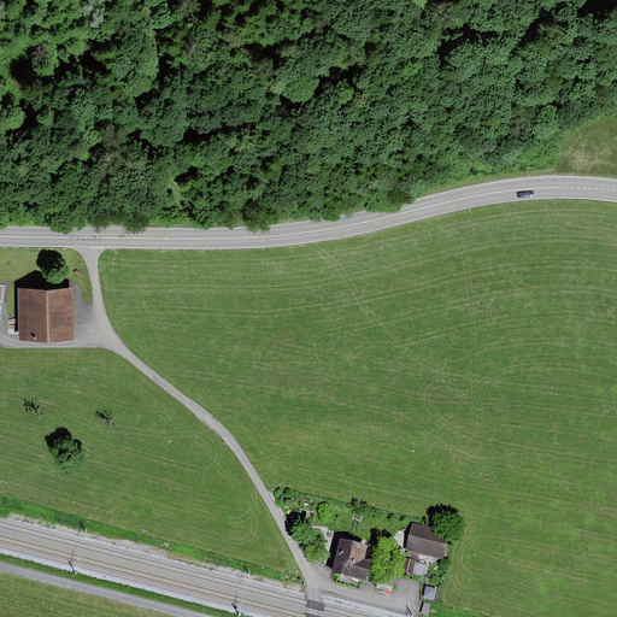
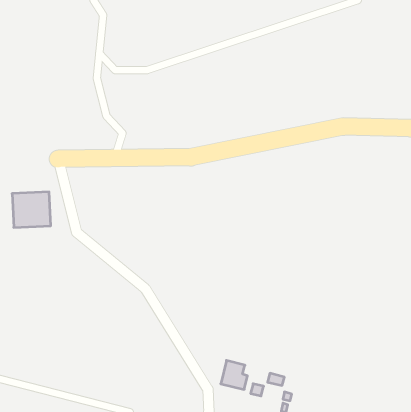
building: [405,523,448,559] -> none

